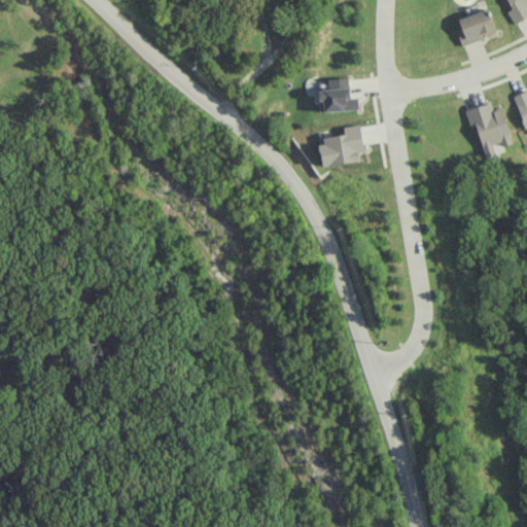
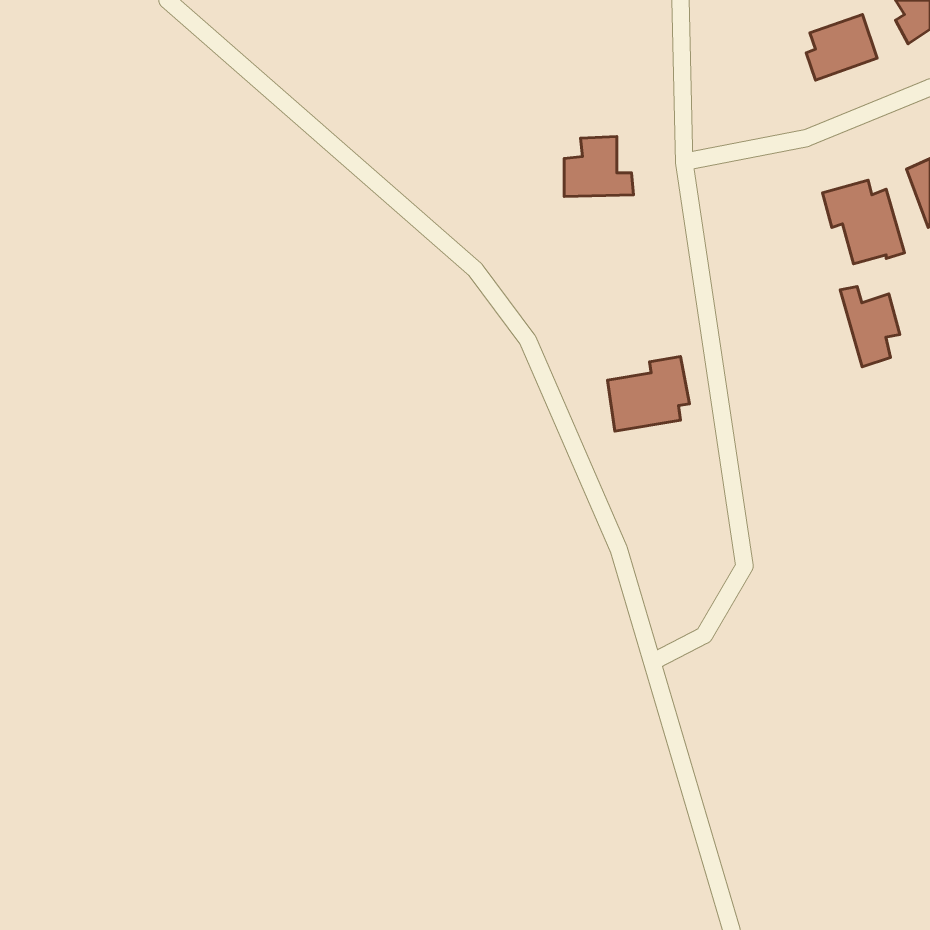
building: [319,125,365,167] -> [608,356,689,431]
building: none -> [840,287,900,367]

